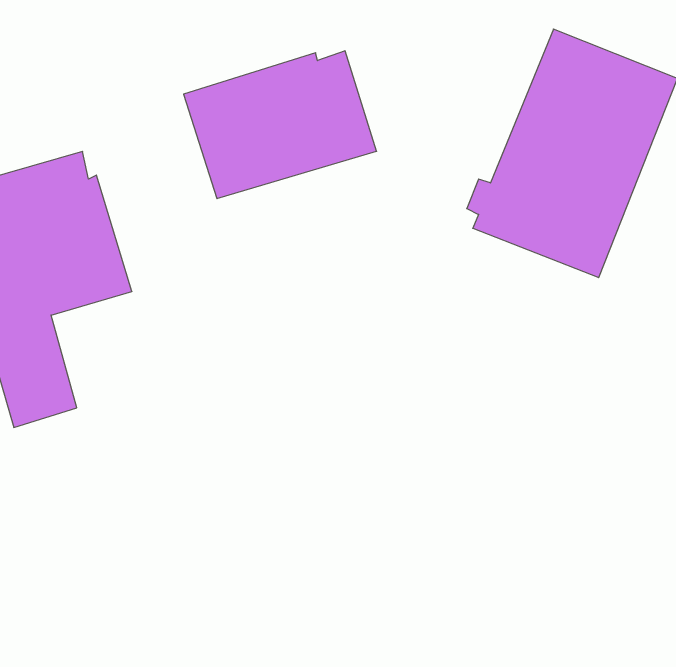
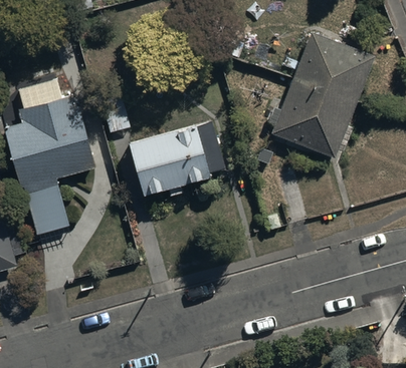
building: [184,51,377,199] -> [129,119,227,195]

